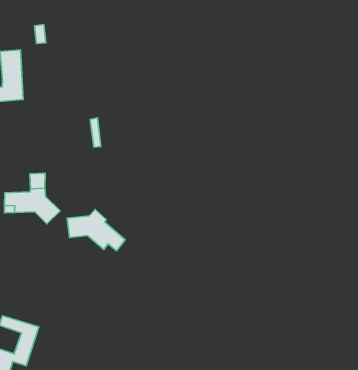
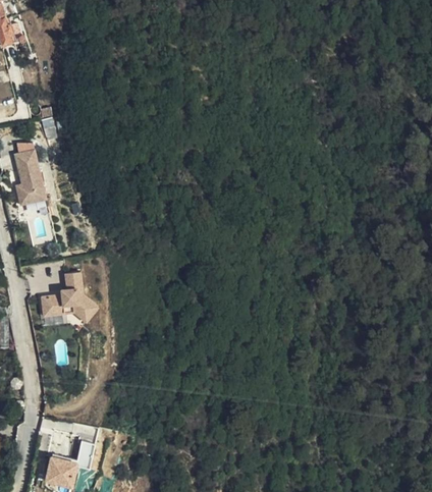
building: [67,209,125,251] -> none

